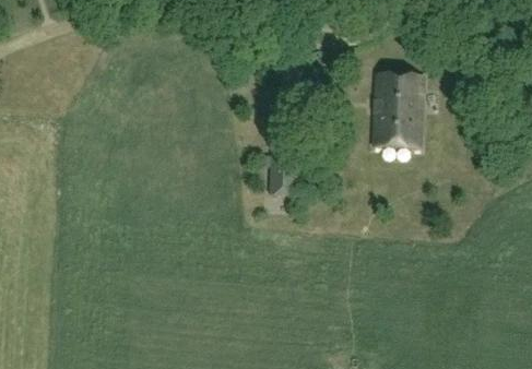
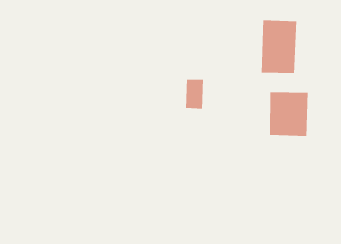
building: none -> [269,92,308,137]

